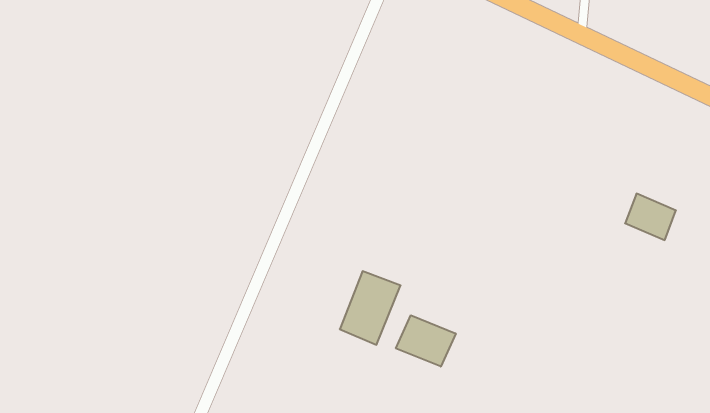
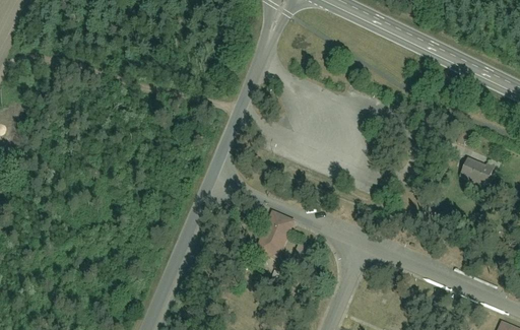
building: [396,315,456,367] -> none

